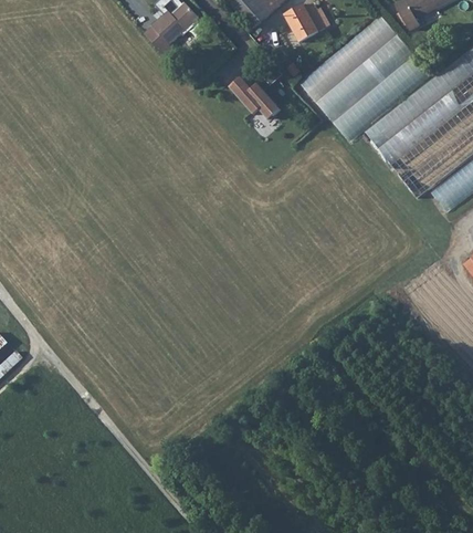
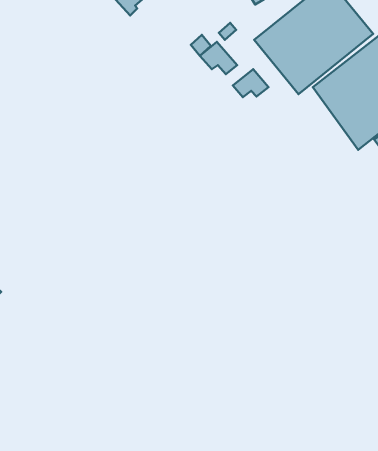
building: none -> [233,69,269,97]

